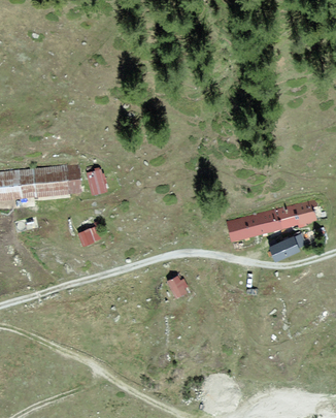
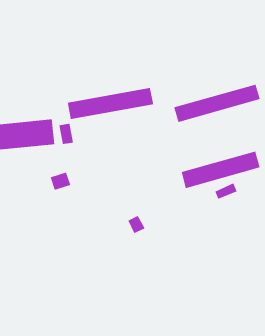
building: none -> [173,84,261,123]
building: none -> [67,87,154,120]

